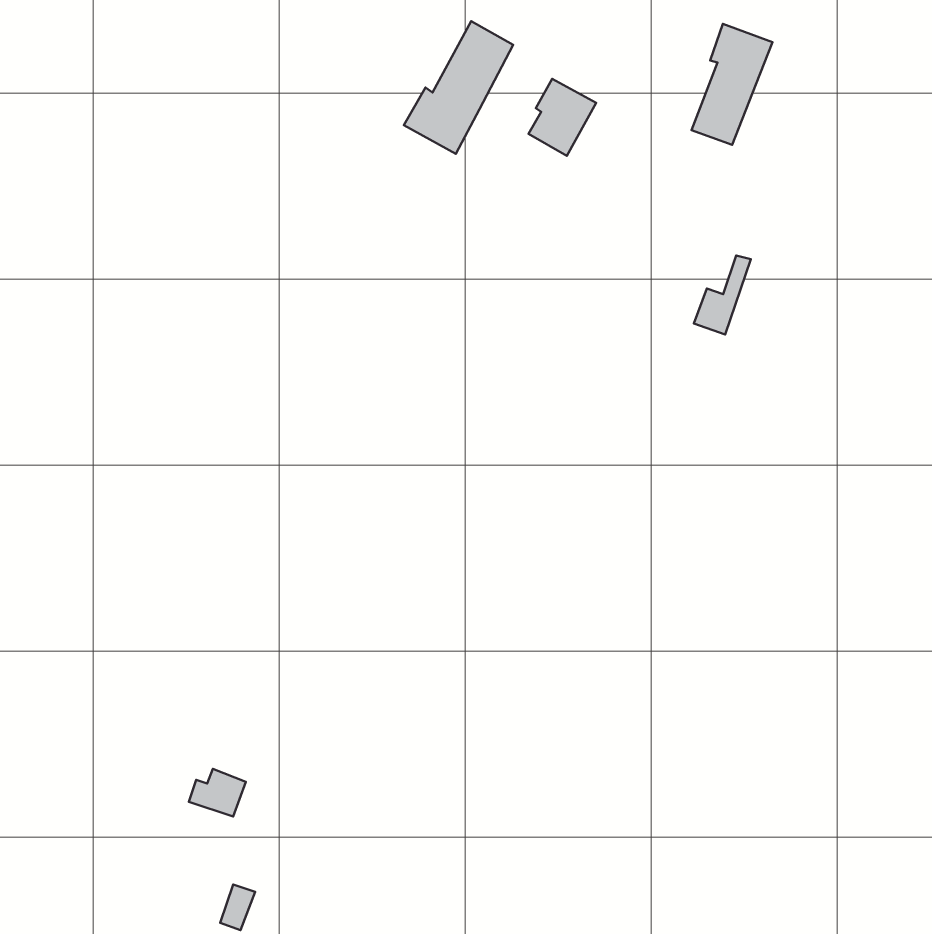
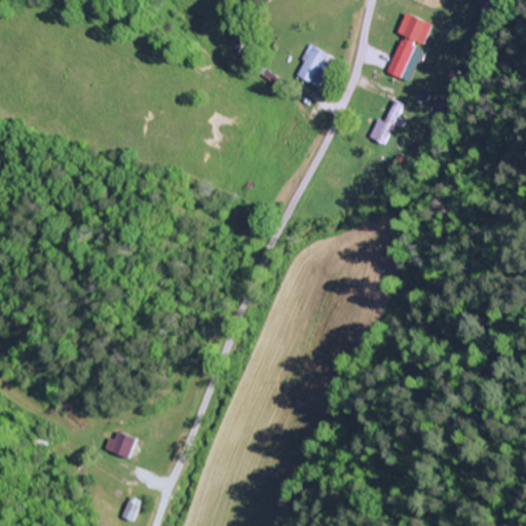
building: [404,21,513,154] -> none
building: [694,256,751,335] -> [369,101,401,145]

